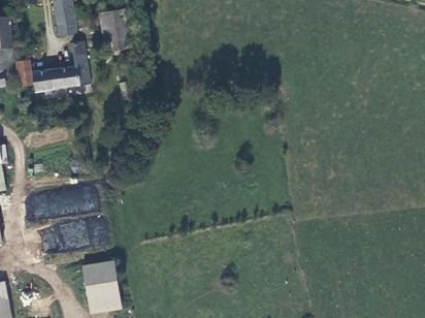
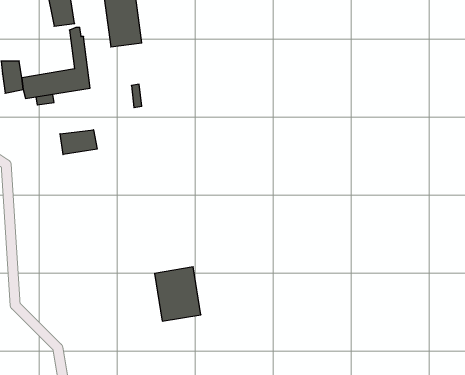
building: none -> [60,130,97,155]
building: [84,261,121,305] -> [155,267,201,321]

